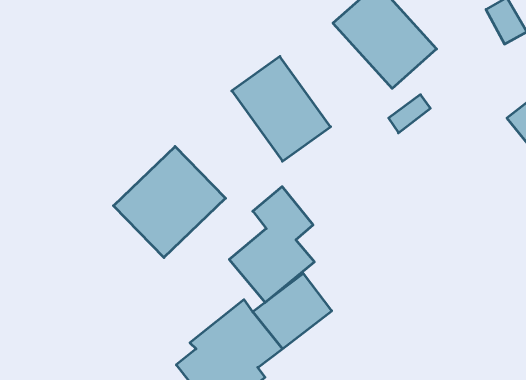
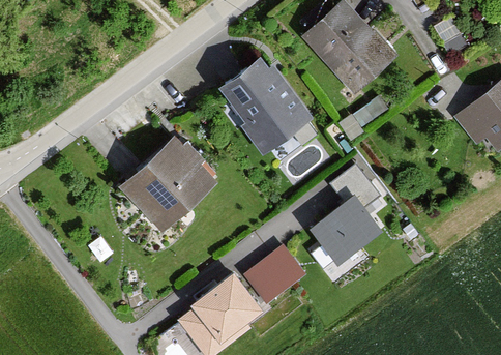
building: [229,187,314,303] -> [310,166,381,263]

